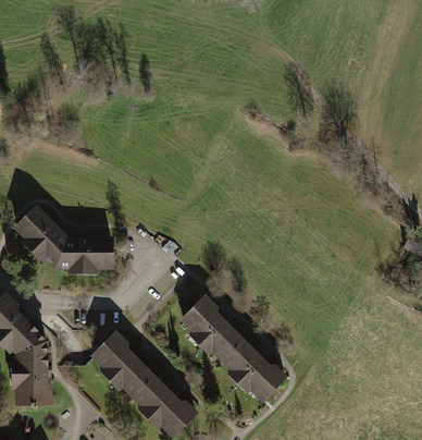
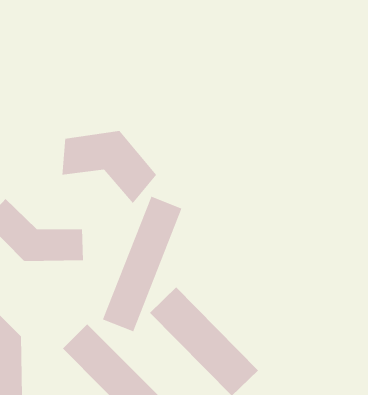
building: none -> [62,130,157,204]
building: none -> [102,196,182,332]

